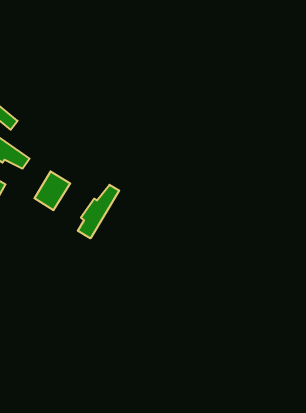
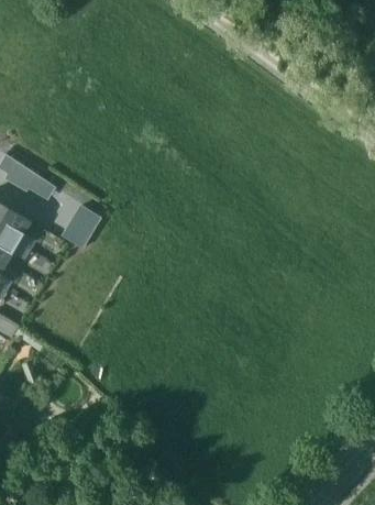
building: [78,185,119,238] -> none

